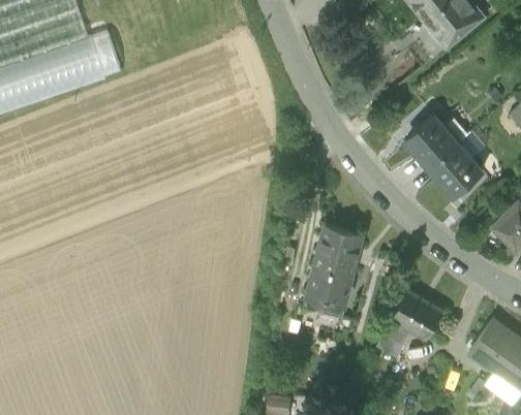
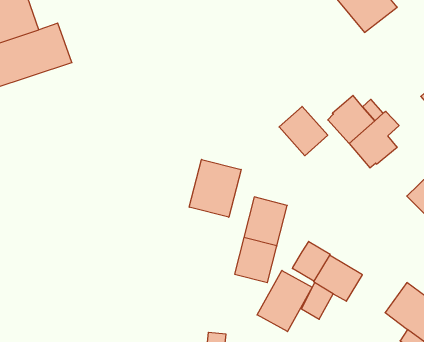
building: none -> [279,106,328,156]
building: none -> [189,159,241,217]
building: none -> [292,241,330,281]
building: none -> [257,270,312,332]

